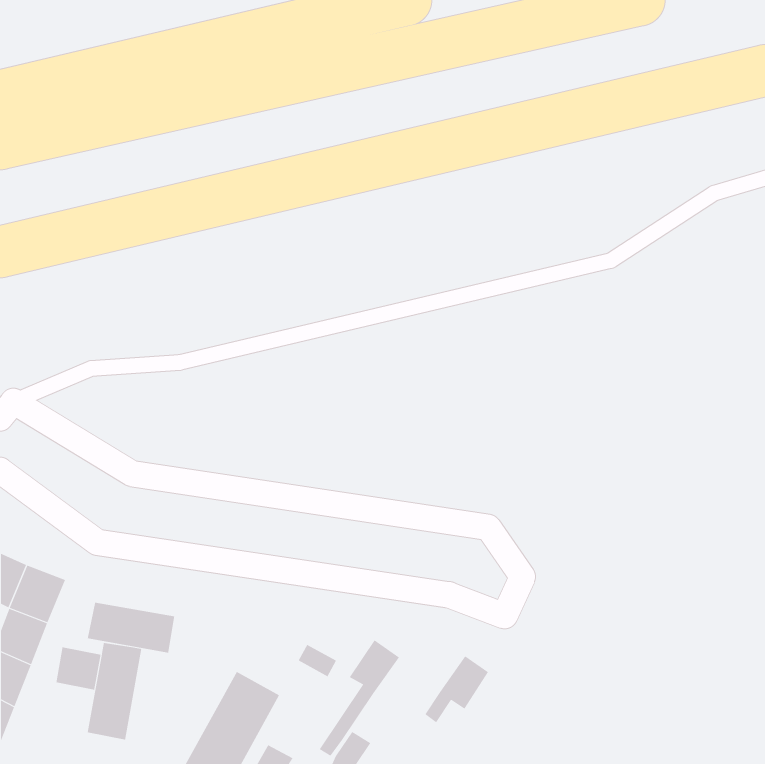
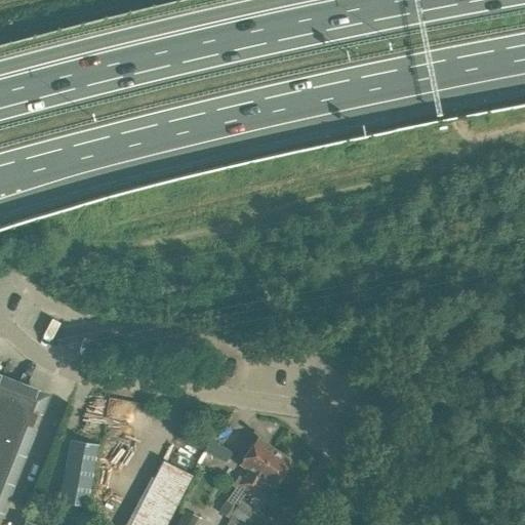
building: [87,602,175,653] -> none
building: [56,646,101,691] -> none
building: [425,656,489,723] -> [246,451,290,497]

